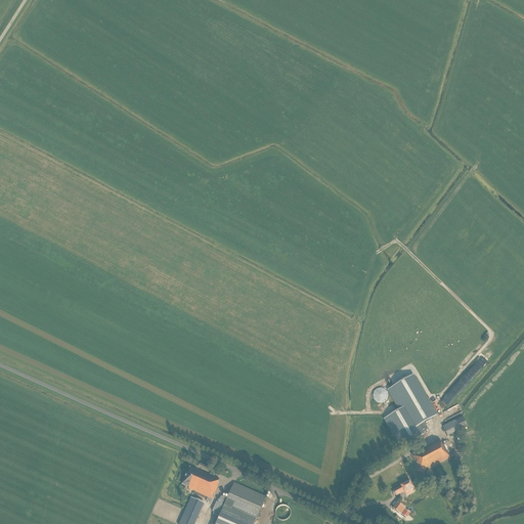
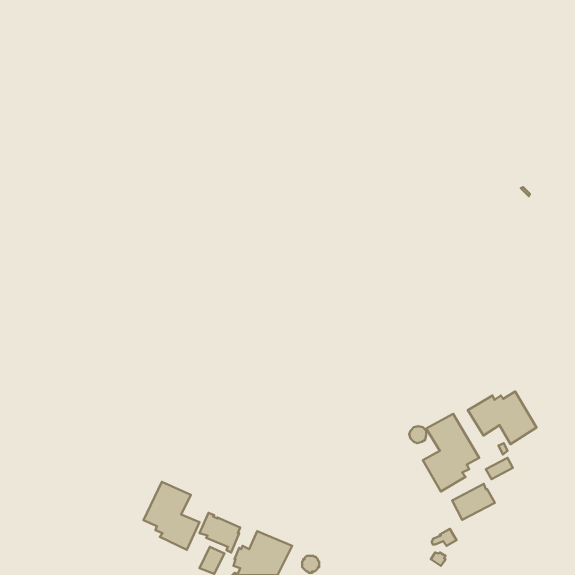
building: none -> [468,391,536,444]
building: none -> [143,482,199,550]

